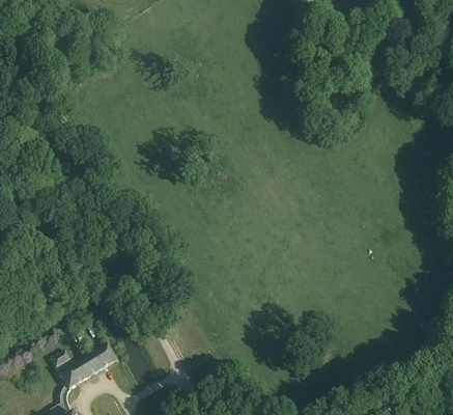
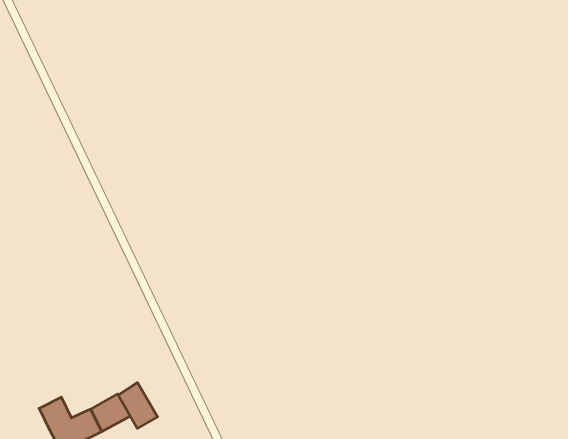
building: none -> [118,383,158,428]

